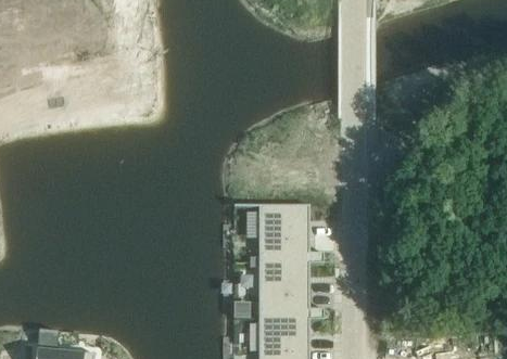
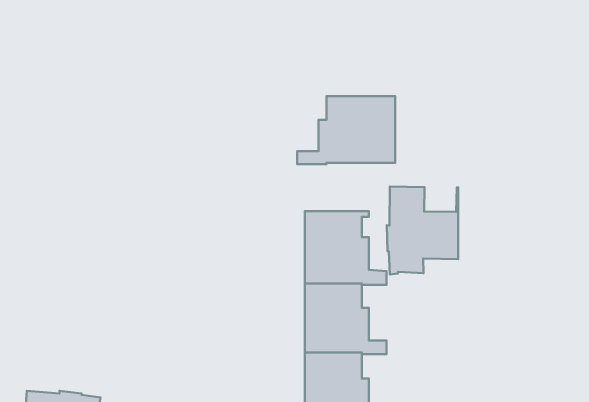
building: none -> [297,96,395,164]
building: none -> [387,186,458,274]

